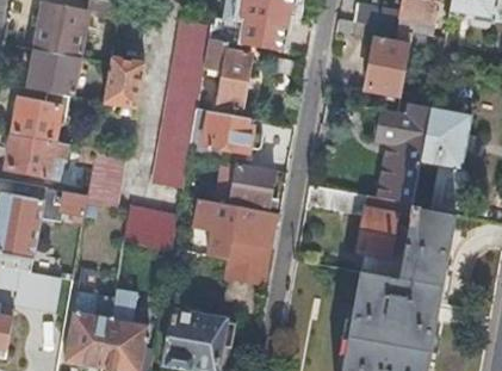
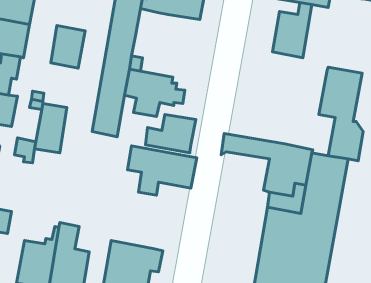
building: [204,37,253,110] -> none
building: [378,105,430,204] -> none
building: [123,210,167,249] -> none
building: [225,242,269,283] -> none

